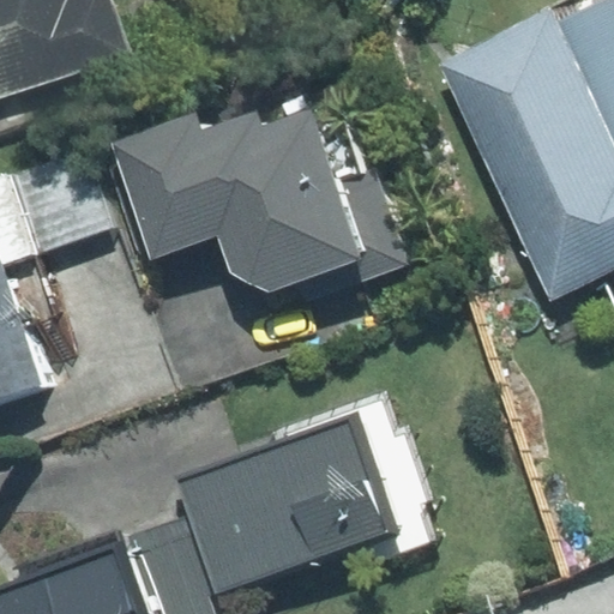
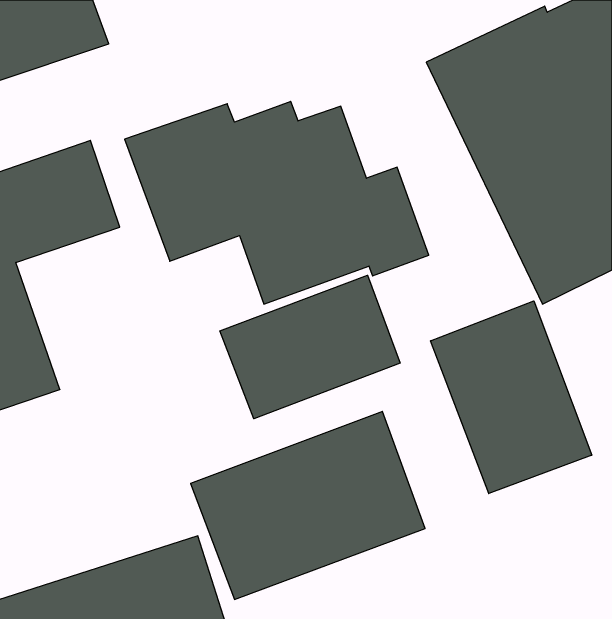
building: none -> [220,275,400,419]
building: none -> [431,301,592,494]

